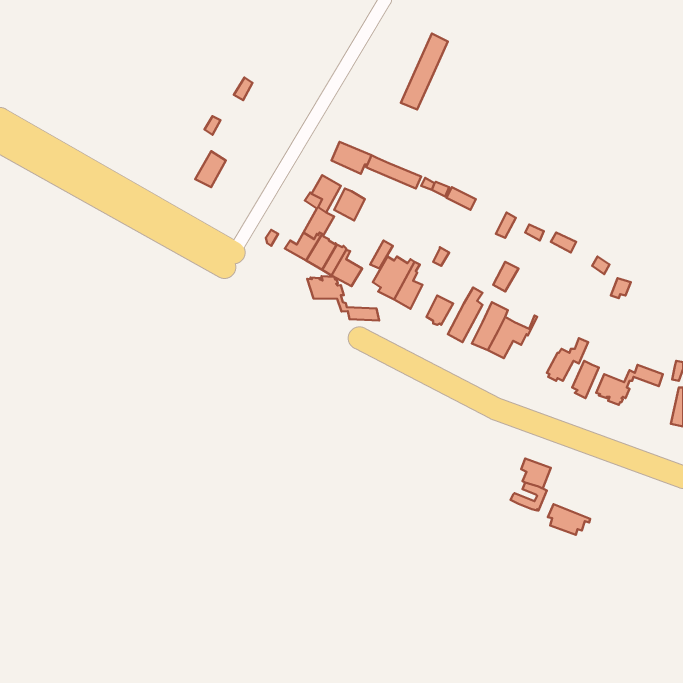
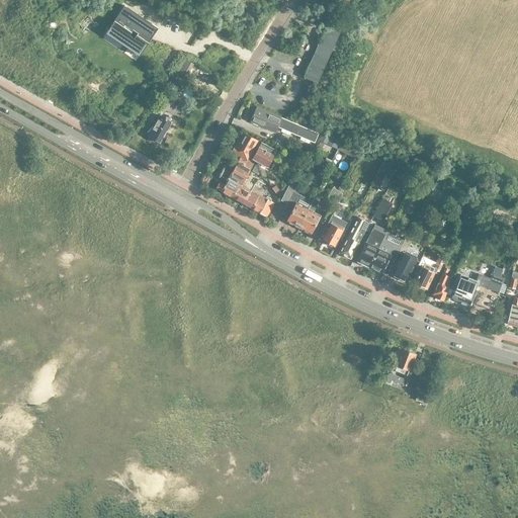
building: none -> [104,5,158,57]
building: [307,276,379,321] -> none
building: none -> [394,240,419,281]
building: [548,504,590,535] -> none

